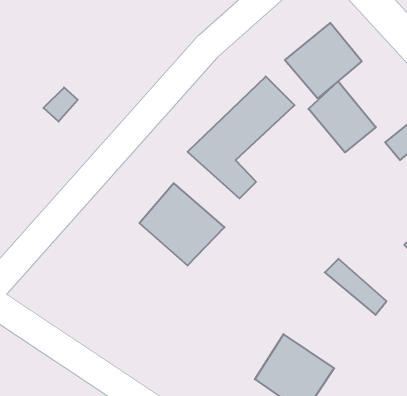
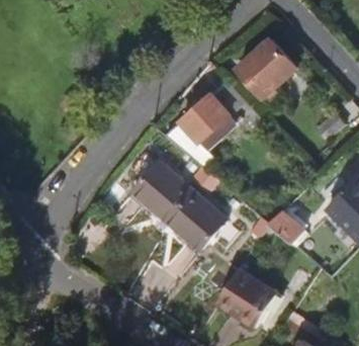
building: [308,81,376,152] -> none
building: none -> [167,191,227,249]

